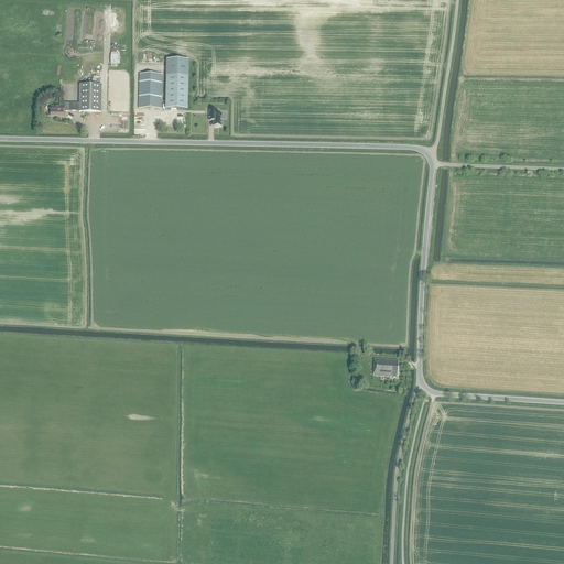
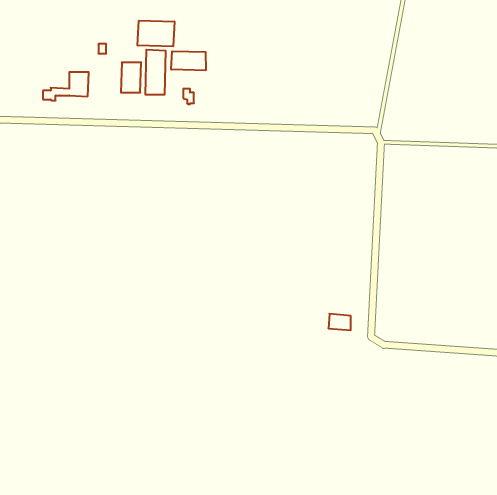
building: none -> [138,21,174,46]
building: none -> [171,51,206,70]

